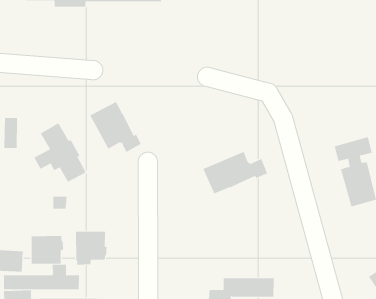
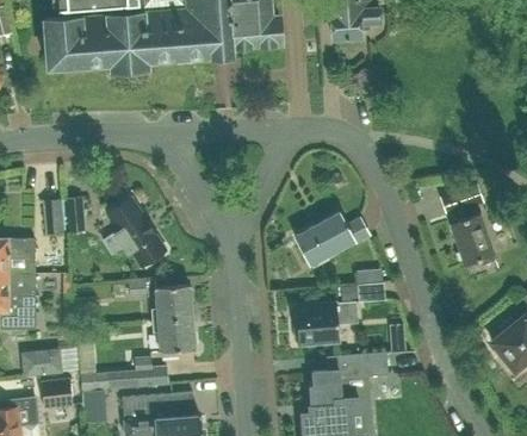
building: [89,101,141,153] -> none
building: none -> [294,285,385,345]
building: [31,236,64,264] -> [155,285,193,319]

